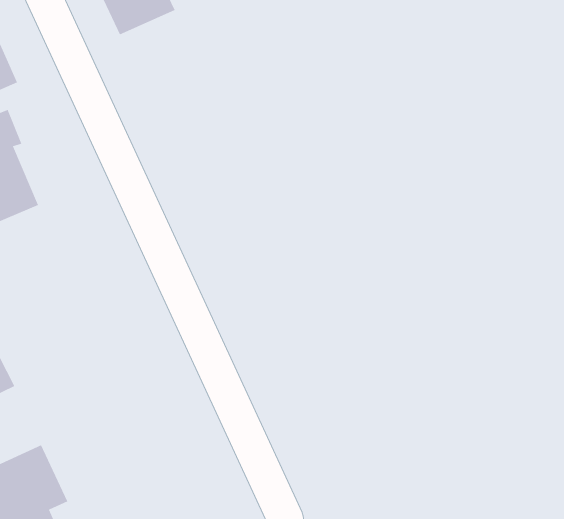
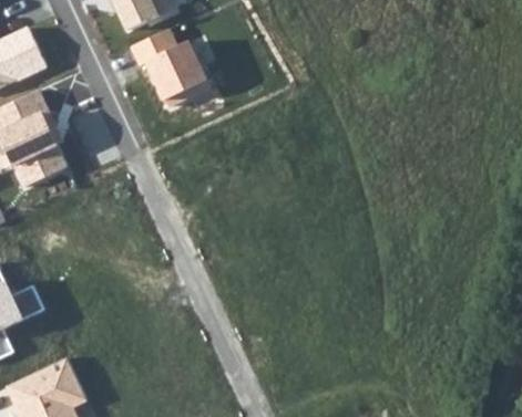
building: none -> [132,31,211,105]

